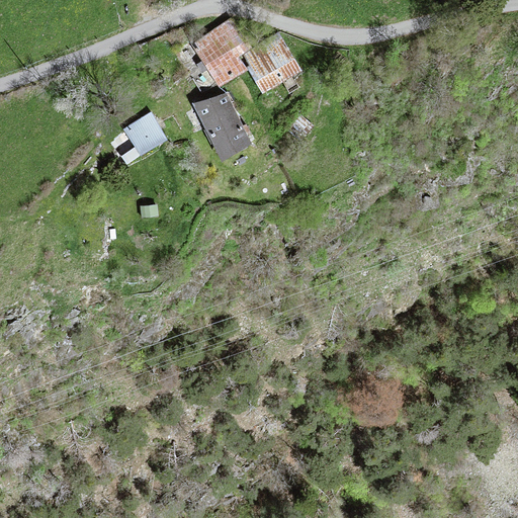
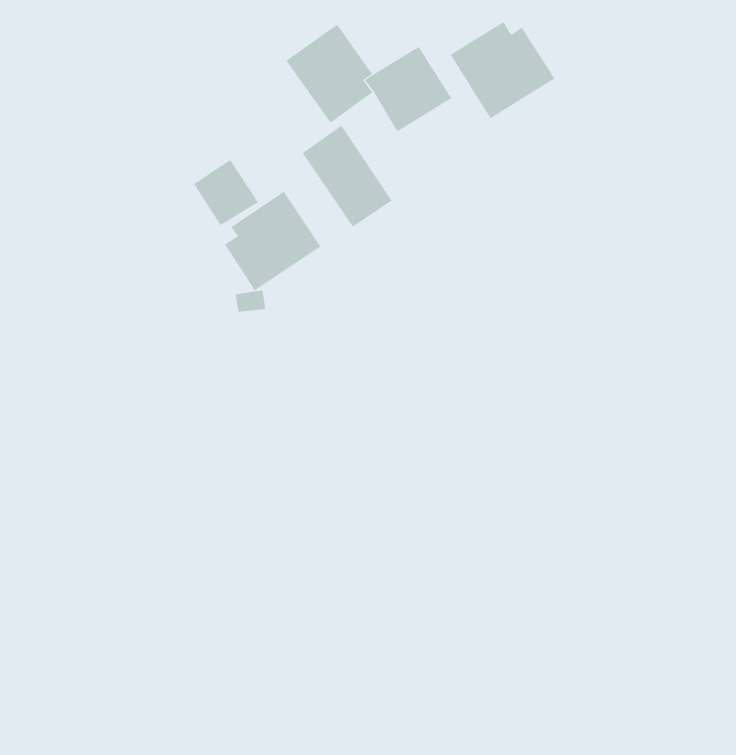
building: none -> [450,21,555,119]
building: none -> [224,191,321,291]

